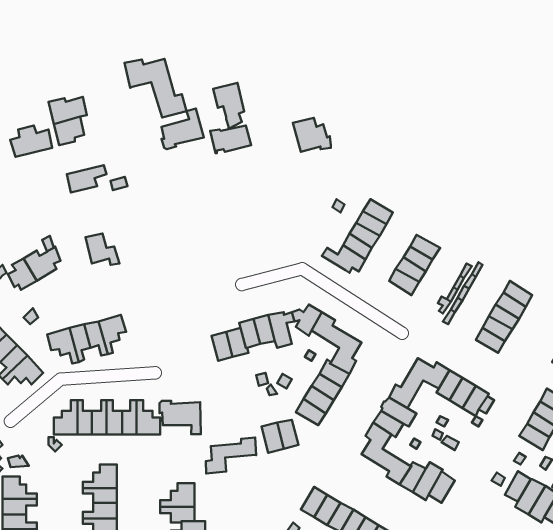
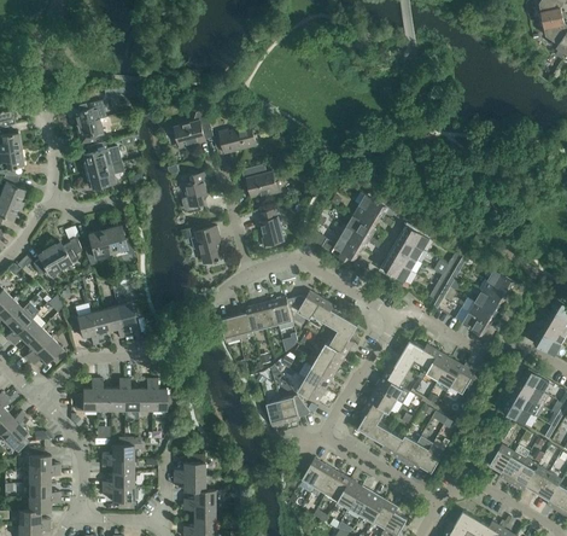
building: [124,59,187,118] -> none
building: [213,83,244,129] -> none
building: [293,118,331,152] -> [244,165,279,197]
building: [10,125,52,157] -> [82,142,121,171]
building: none -> [182,173,209,212]
building: none -> [259,210,284,247]
building: none -> [195,226,222,263]
building: none -> [83,229,110,266]
building: [160,401,201,434] -> none
building: [206,438,256,474] -> none

